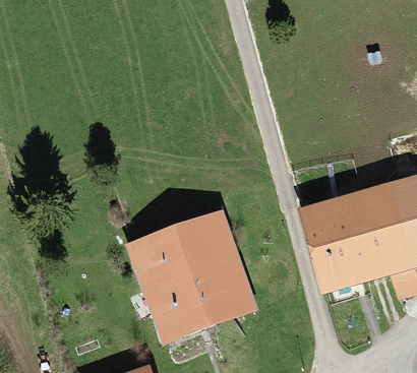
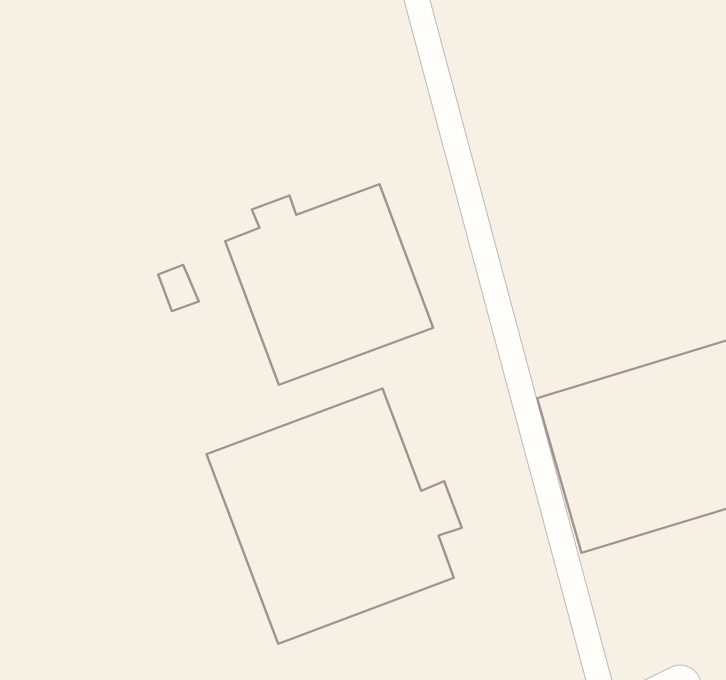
building: none -> [225,184,433,385]

